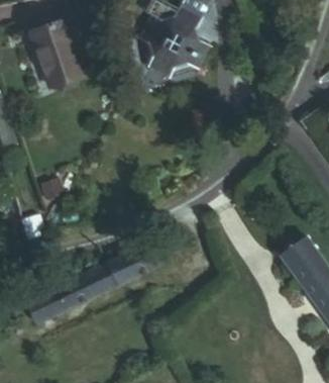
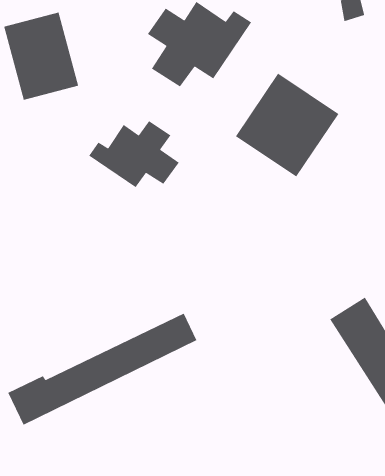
building: none -> [235,73,339,178]
building: none -> [88,120,180,188]

